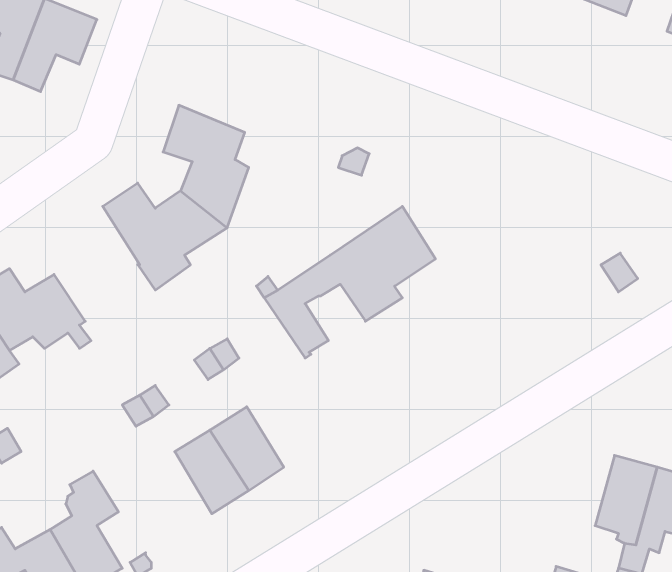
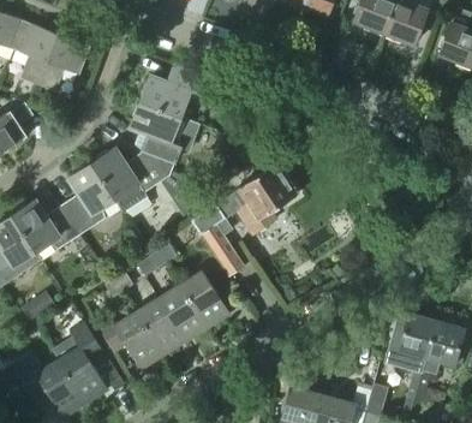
building: none -> [139,64,207,117]
building: none -> [62,162,115,233]
building: none -> [181,272,227,323]
building: none -> [115,314,160,364]

